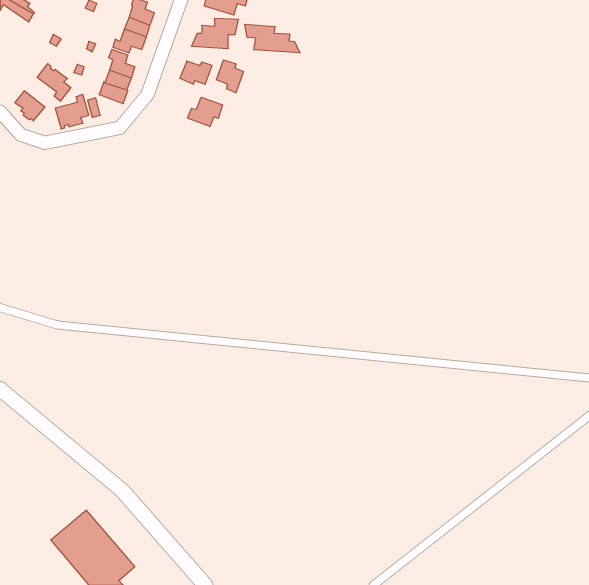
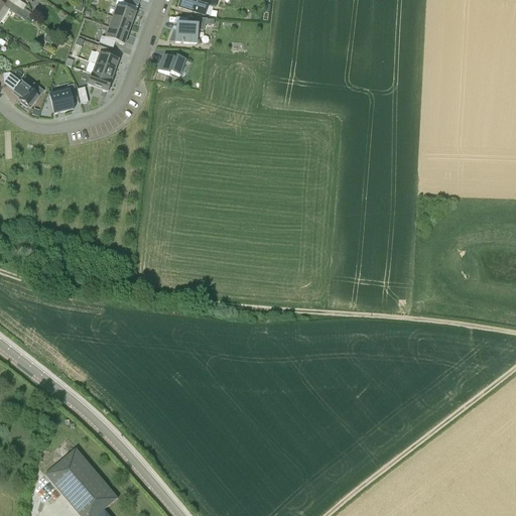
building: [245,24,300,53] -> none
building: [216,60,244,93] -> none
building: [37,64,71,101] -> none
building: [187,97,223,127] -> none

